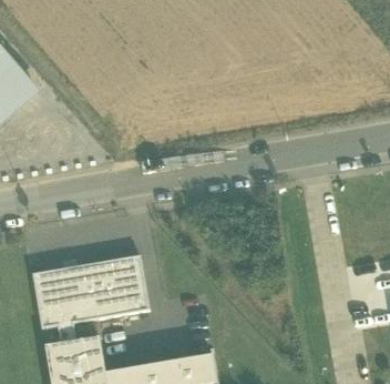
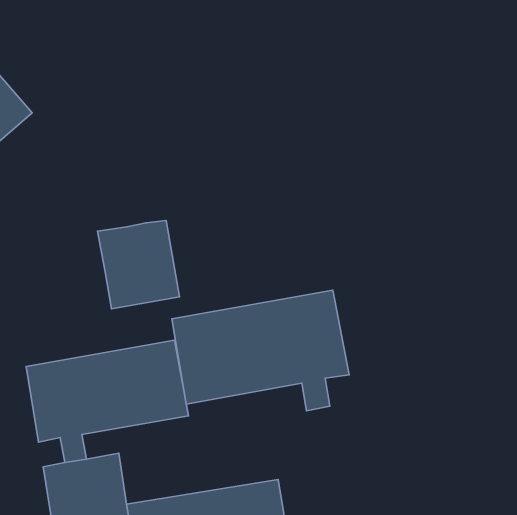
building: none -> [97,220,180,309]
building: none -> [172,290,349,411]

